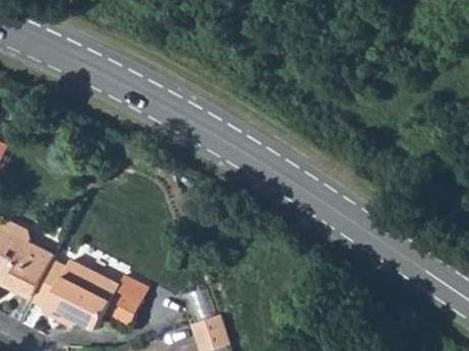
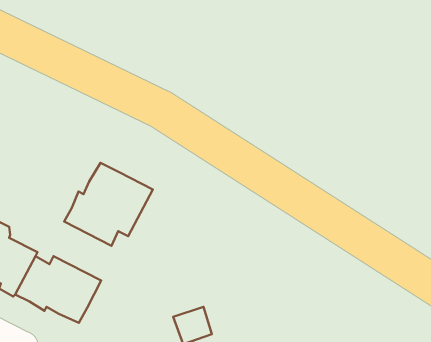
building: none -> [64,163,153,246]
building: [103,275,145,325] -> none

